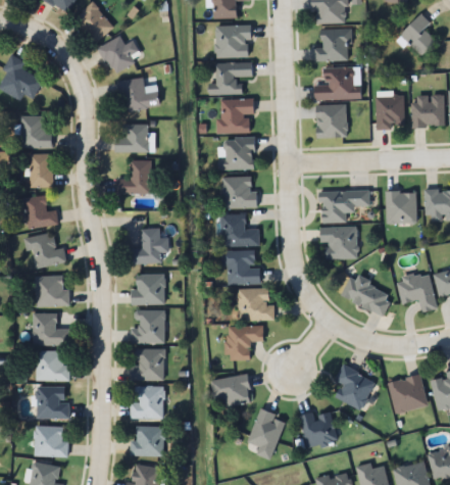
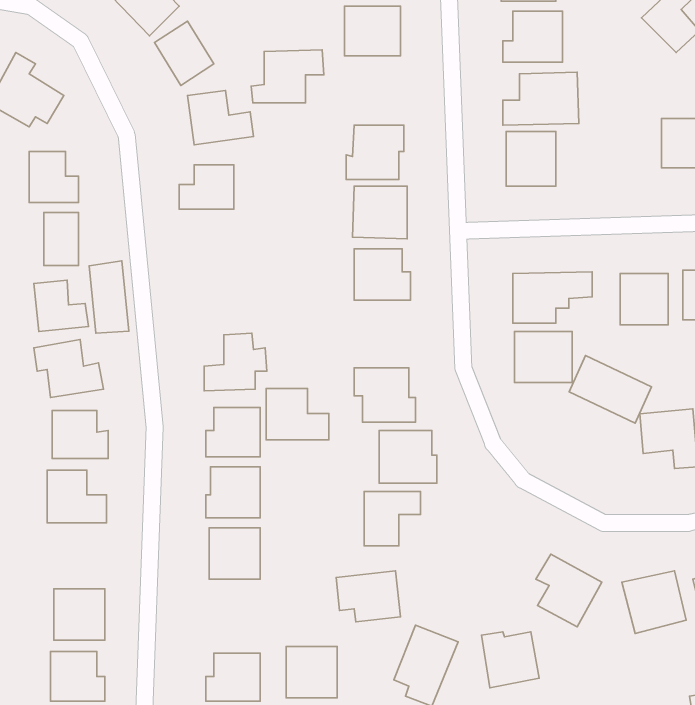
building: [208,61,253,94] -> [251,50,324,103]
building: [377,95,404,127] -> none
building: [117,159,150,193] -> none
building: none -> [89,261,129,333]
building: [220,213,259,245] -> [266,389,329,440]
building: [341,274,392,316] -> [569,356,652,423]
building: [36,350,69,380] -> none
building: [133,386,164,418] -> [286,647,337,698]

